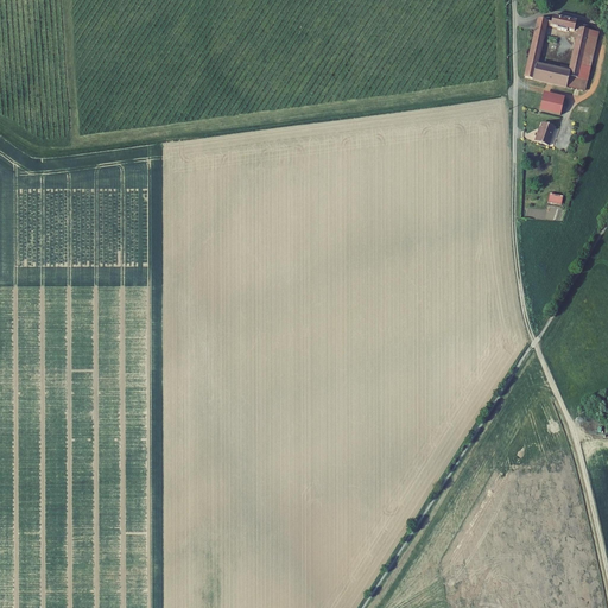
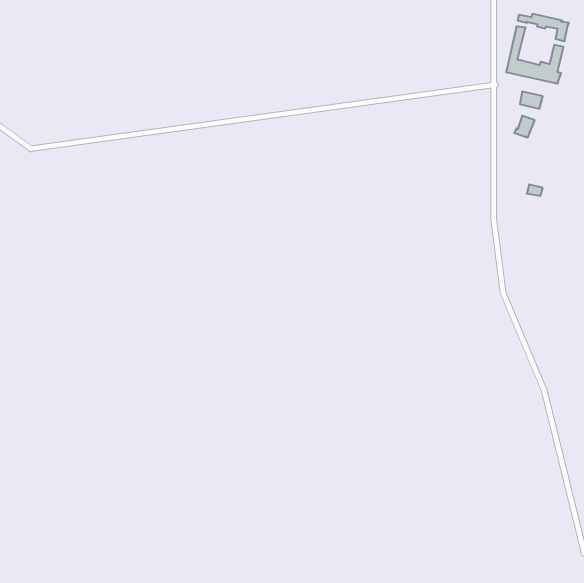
building: [575,26,600,89] -> none

